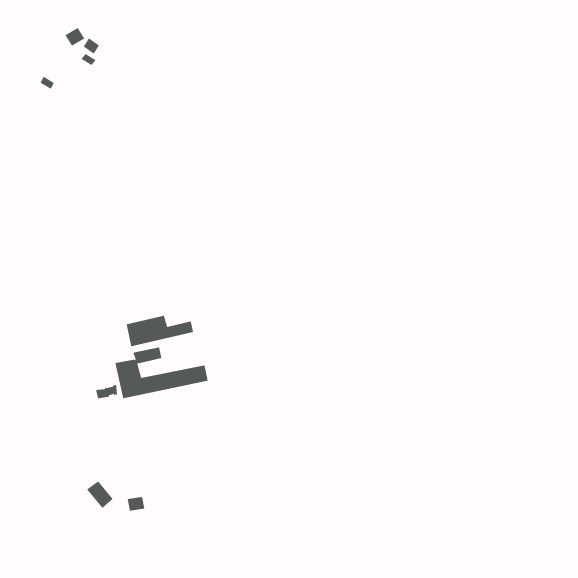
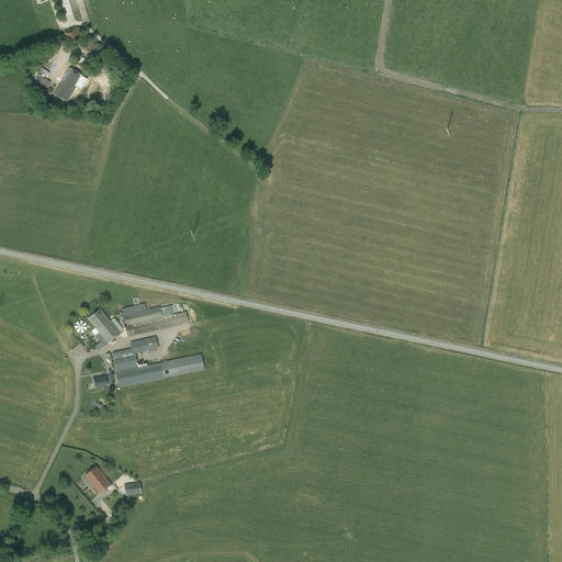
building: none -> [54,67,86,101]
building: none -> [88,308,121,346]

